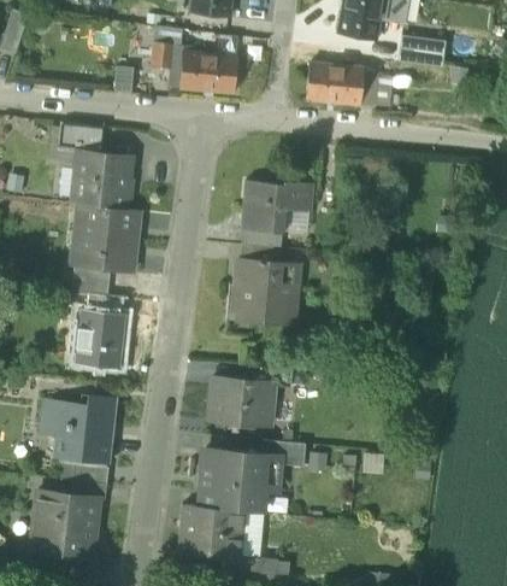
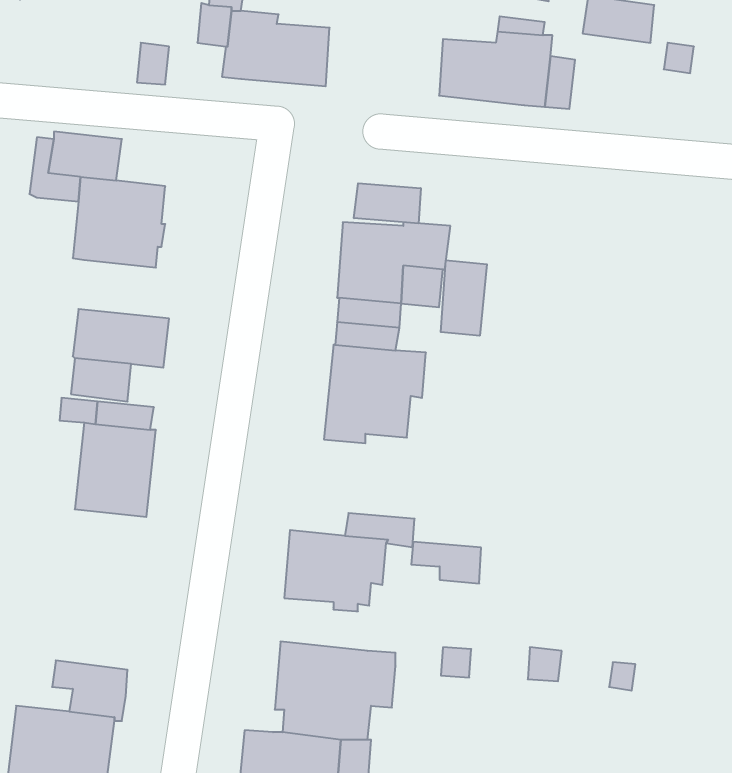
building: none -> [354,183,421,223]
building: [76,204,137,241] -> none
building: none -> [441,260,487,336]
building: [39,394,116,462] -> none
building: [260,439,305,465] -> [411,542,481,583]

